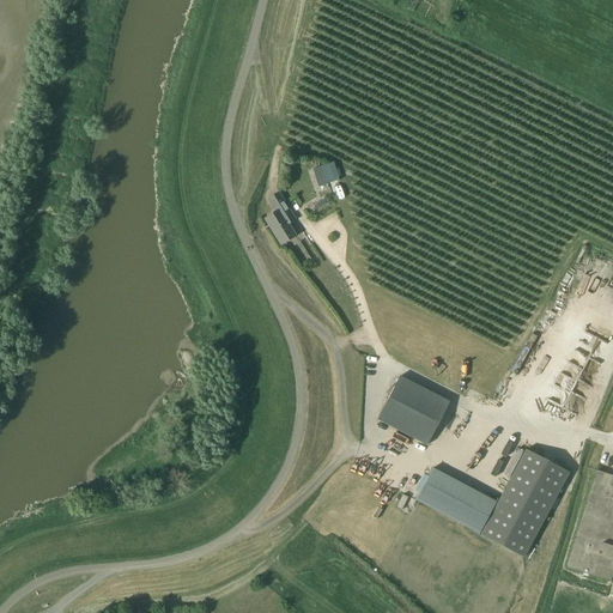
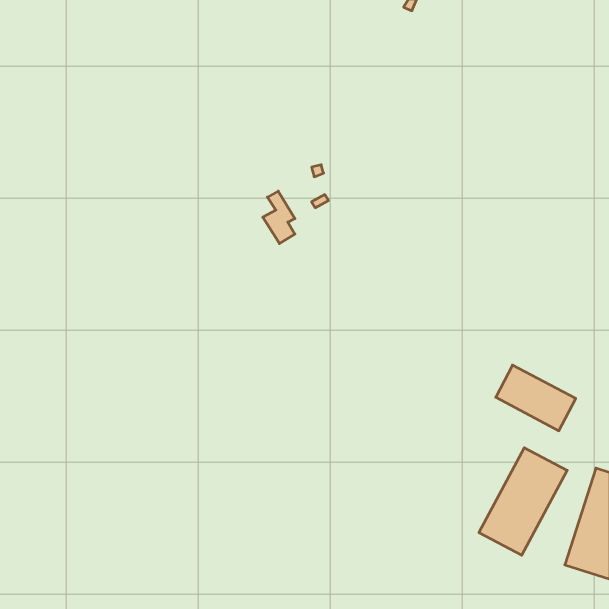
building: [378,374,450,443] -> none
building: [417,467,497,533] -> [496,365,576,431]

